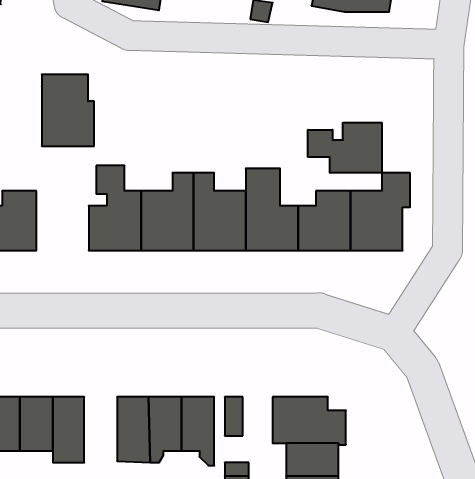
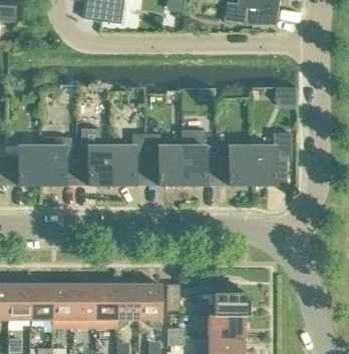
building: [42,74,94,146] -> [39,137,74,186]
building: [308,123,382,173] -> none
building: none -> [71,284,93,328]

